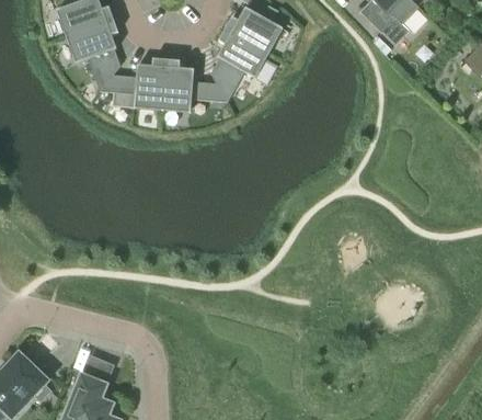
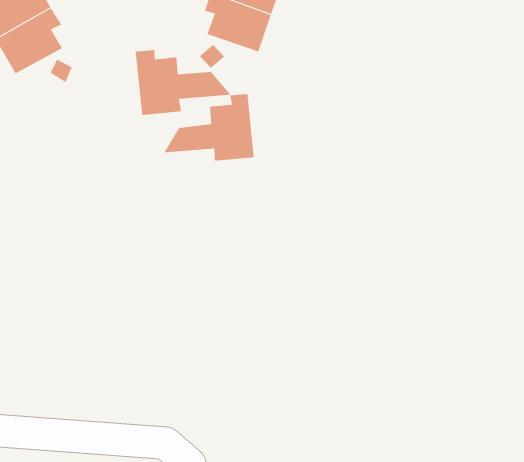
building: [100,60,165,106] -> [163,93,255,161]

